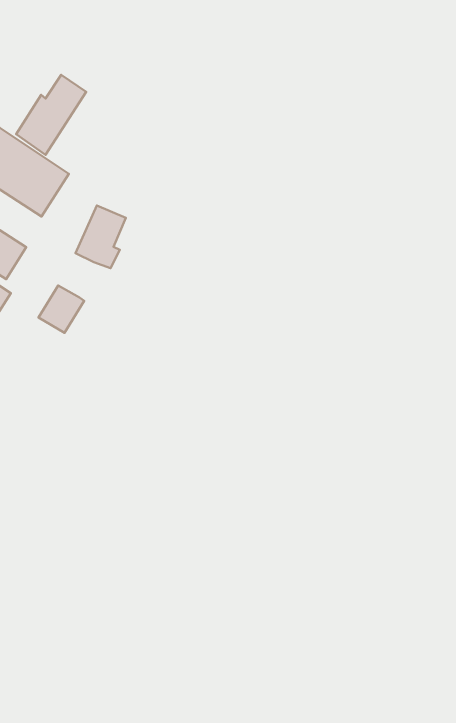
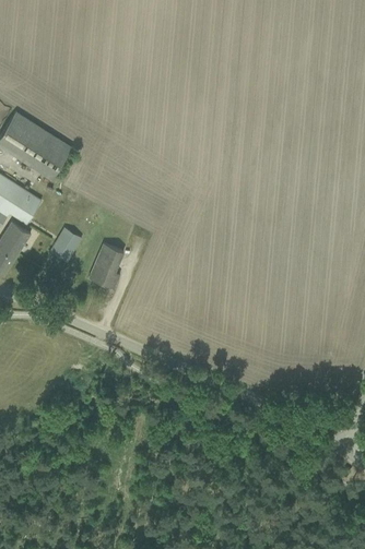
building: [16,75,86,155] -> none
building: [75,206,126,268] -> [87,243,123,288]

